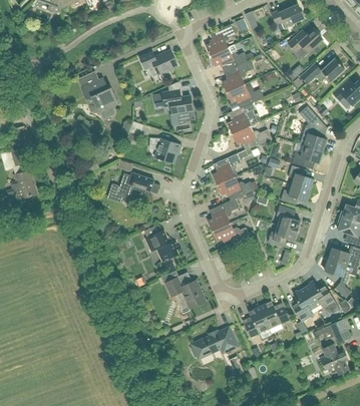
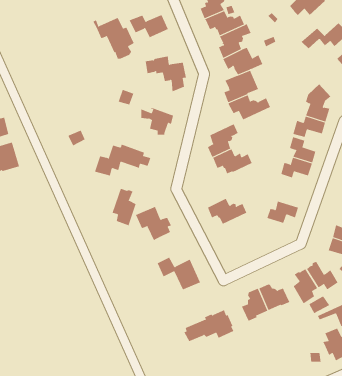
building: [79,78,118,117] -> [92,17,134,59]
building: [208,197,240,231] -> none
building: [277,205,301,231] -> none
building: none -> [112,187,136,226]

